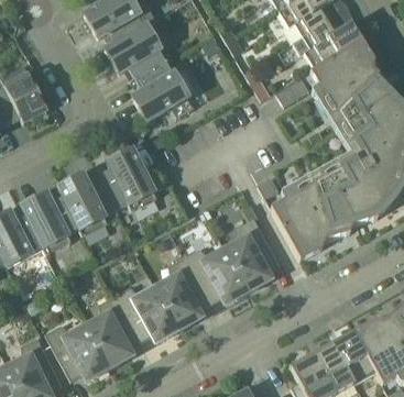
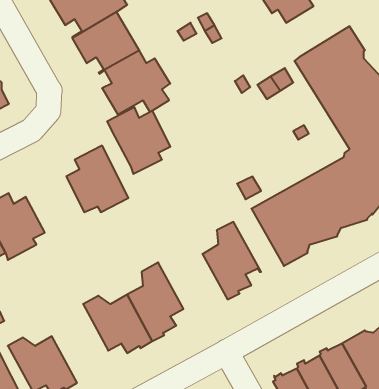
building: [295,19,362,66] -> none
building: [58,173,117,234] -> [107,107,170,174]
building: [185,247,249,300] -> none
building: [87,294,139,366] -> none

